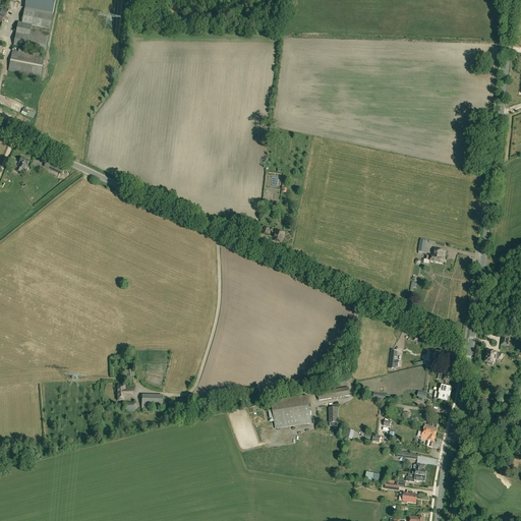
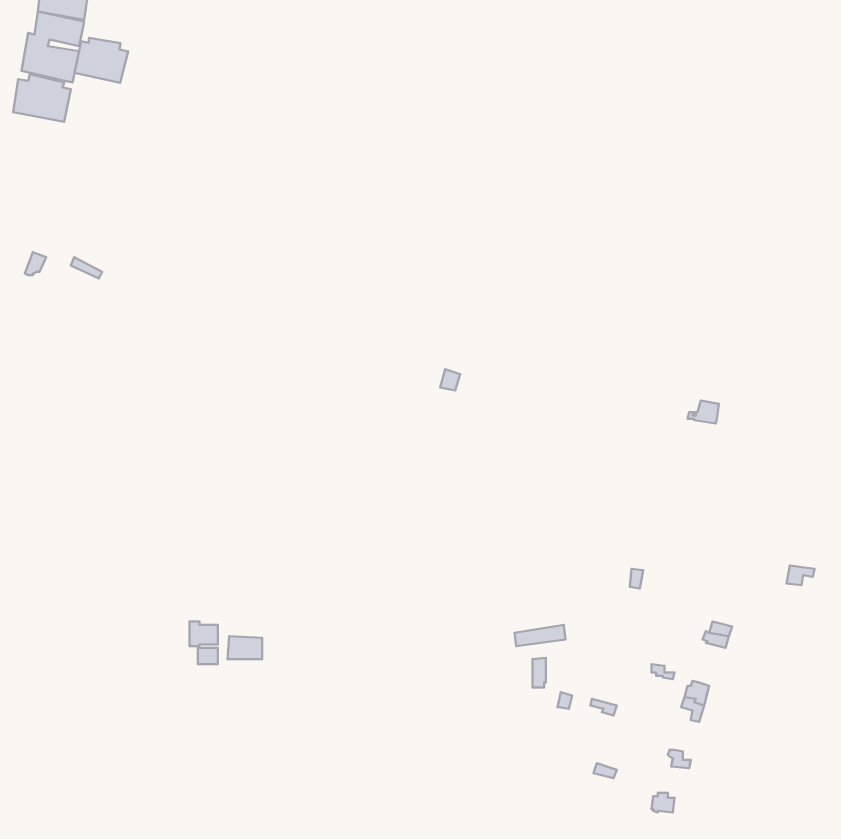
building: none -> [75,38,128,83]
building: [268,394,311,427] -> none

